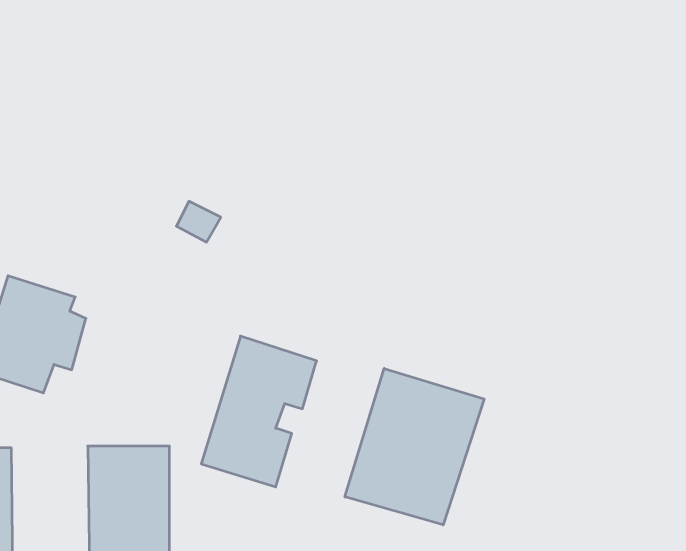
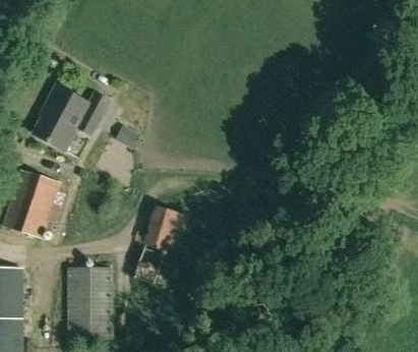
building: none -> [34,85,110,149]
building: [345,368,484,525] -> none

